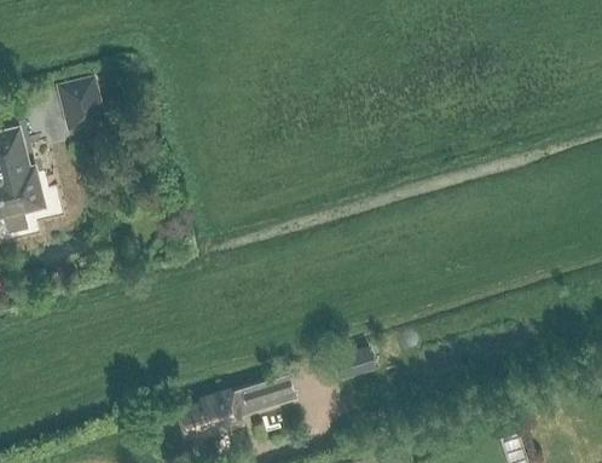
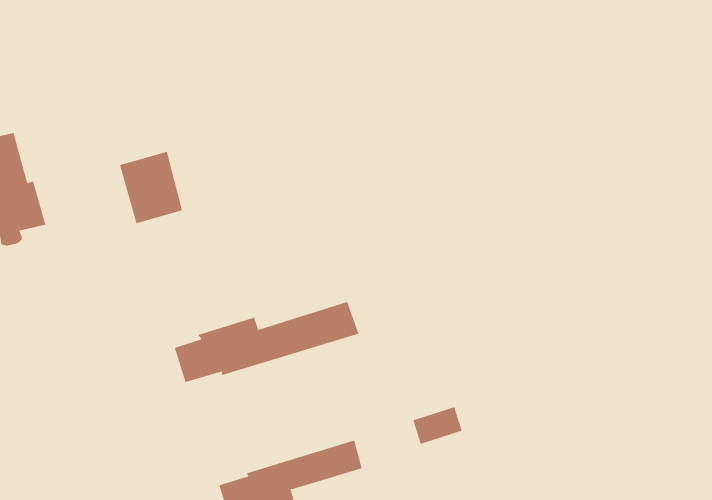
building: [54,74,105,132] -> [119,151,183,224]
building: none -> [174,301,359,383]

